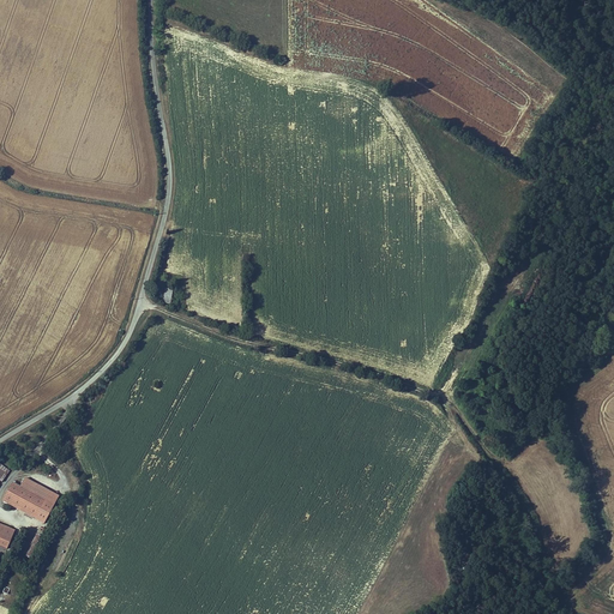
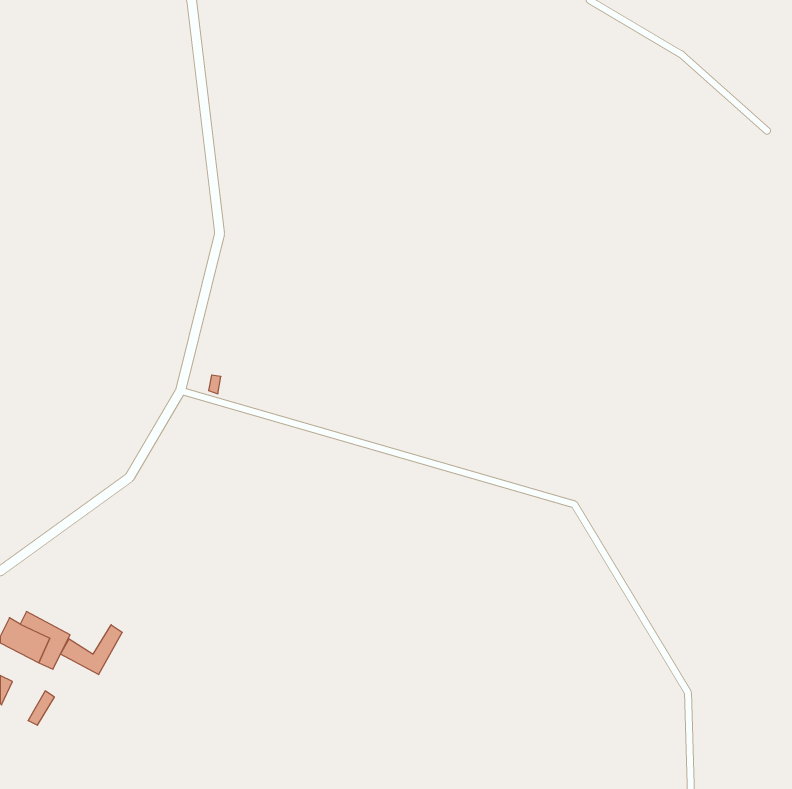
building: none -> [60,625,122,675]

